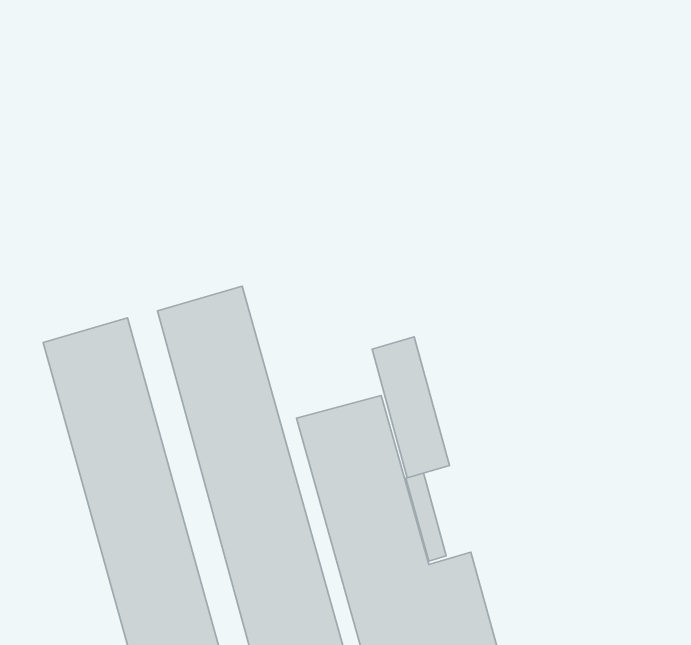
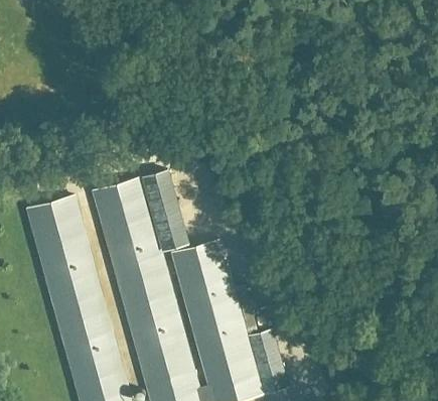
building: [372,337,449,478] -> [143,170,187,251]

